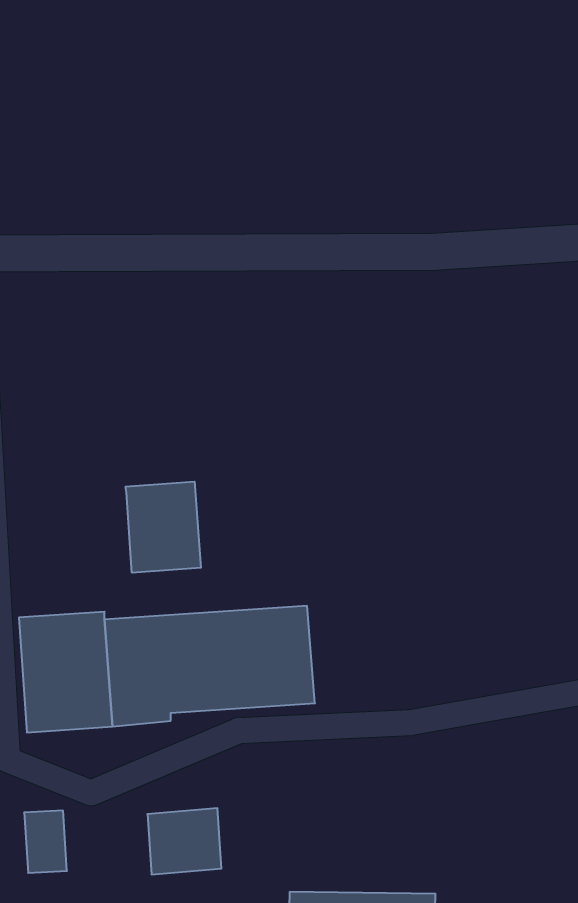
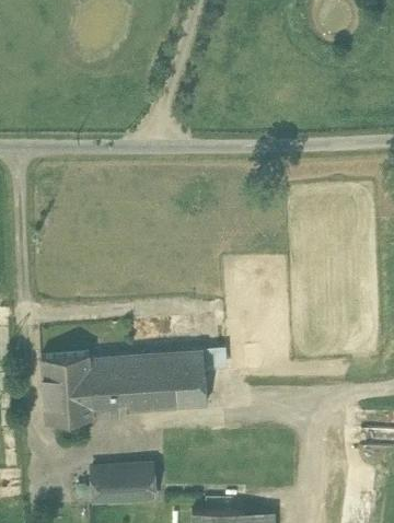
building: [126,482,201,573] -> none
building: [24,811,67,873] -> [91,468,115,503]

